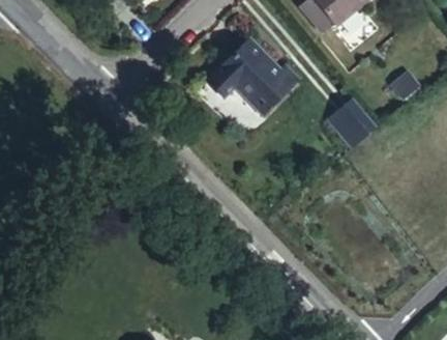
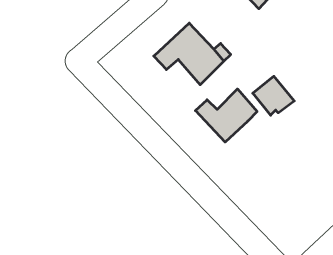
building: none -> [195,89,257,142]

